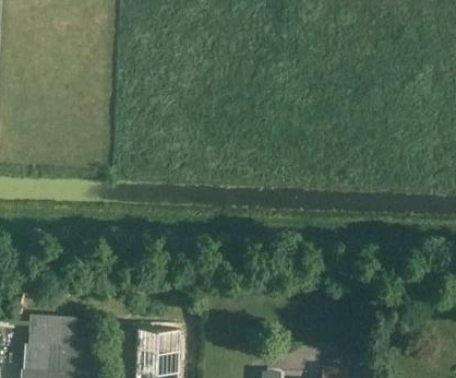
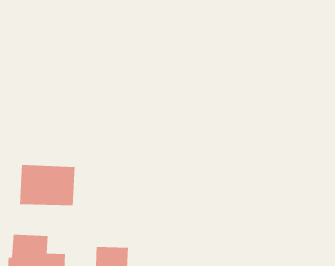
building: none -> [19,164,75,206]

